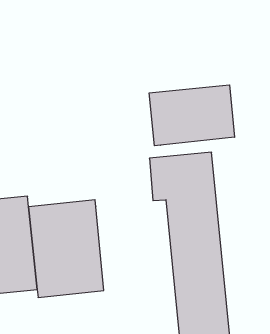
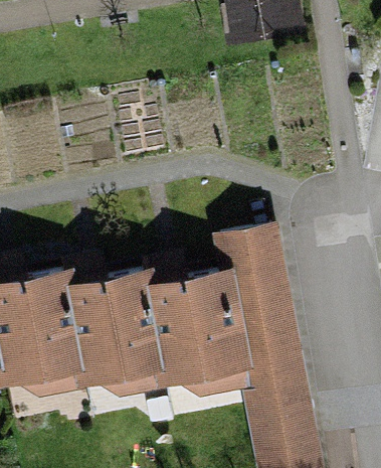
building: [149,85,235,146] -> none
building: none -> [149,279,240,389]

